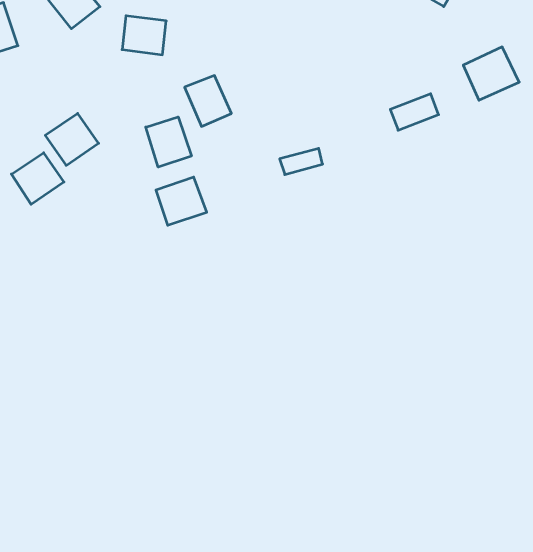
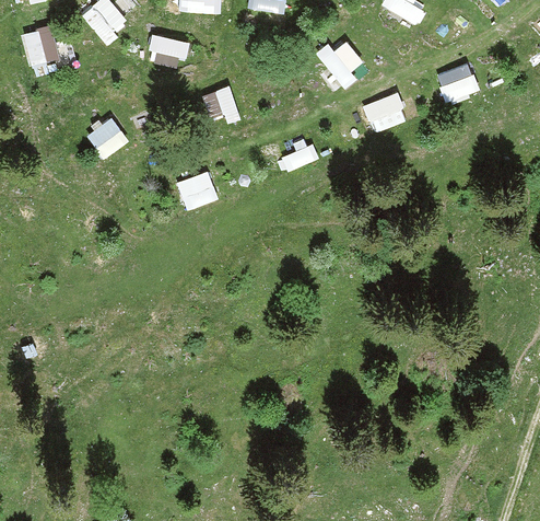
building: none -> [316,35,364,84]
building: [146,117,191,167] -> none
building: [11,153,64,204] -> none

